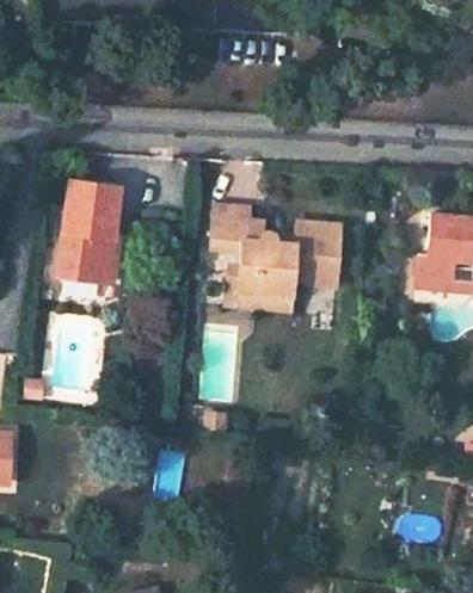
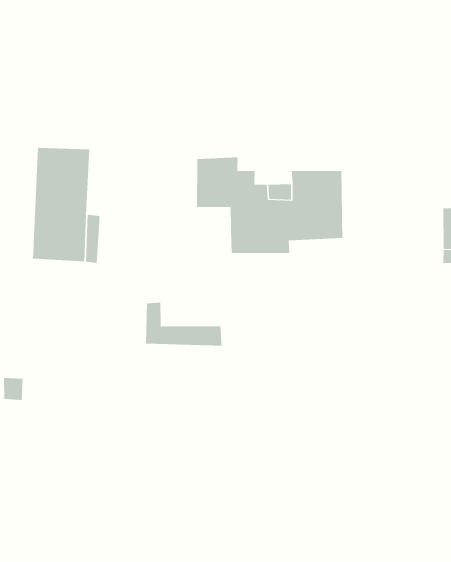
building: [220,266,288,309] -> [145,302,223,346]

